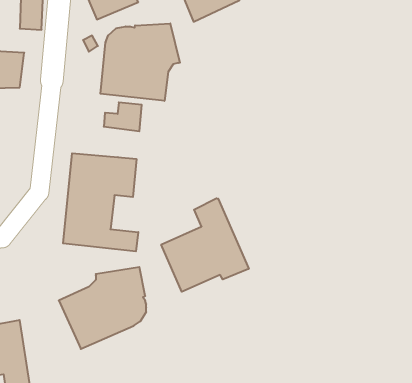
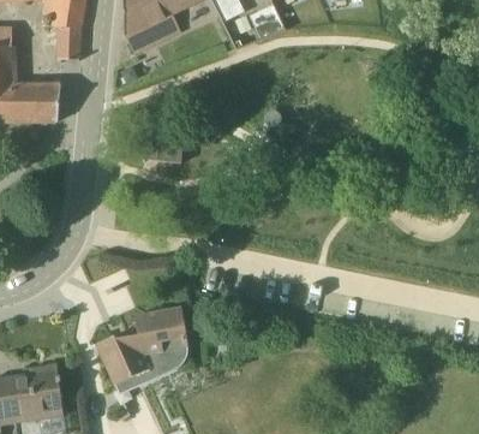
building: [100,23,180,101] -> none
building: [63,153,138,251] -> none
building: [161,198,249,292] -> none

